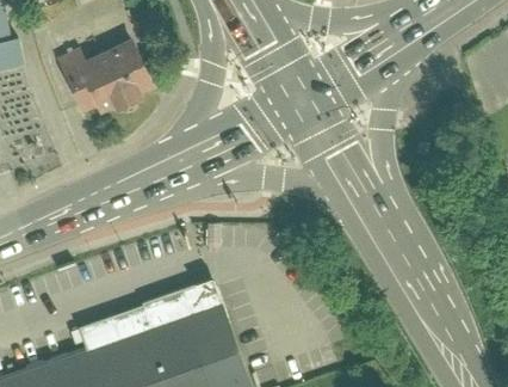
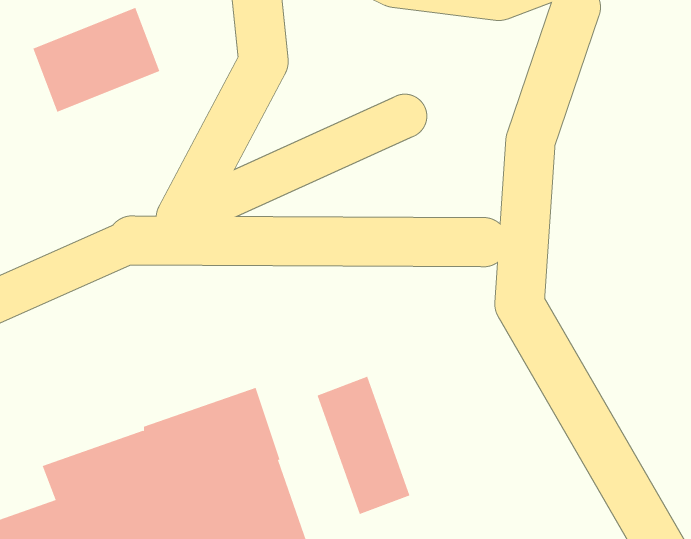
building: none -> [317,376,410,515]

